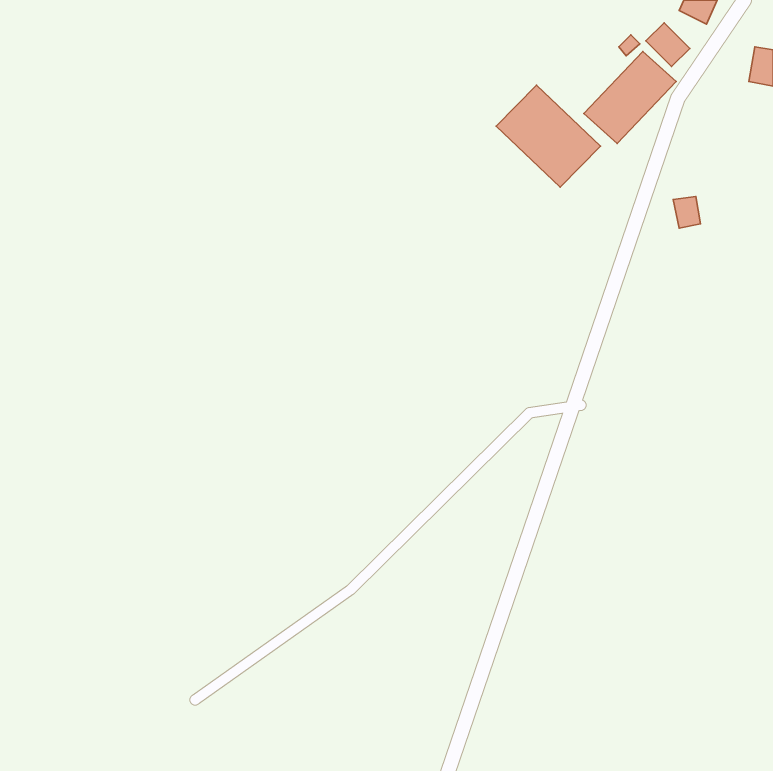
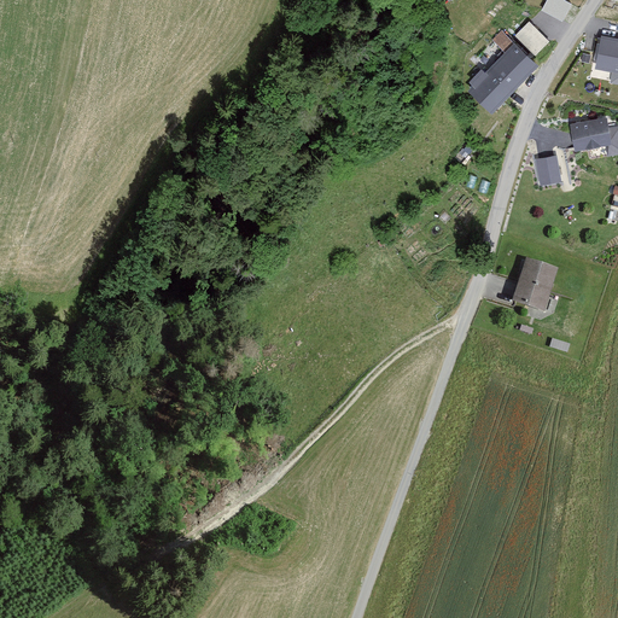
building: [496,85,601,187] -> none
building: none -> [573,119,610,148]
building: none -> [509,255,558,310]

